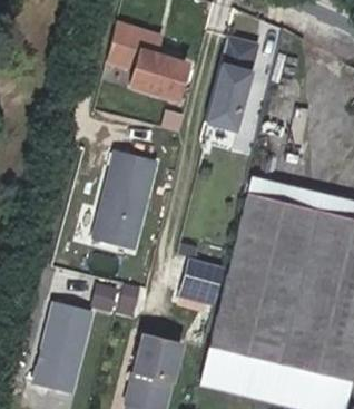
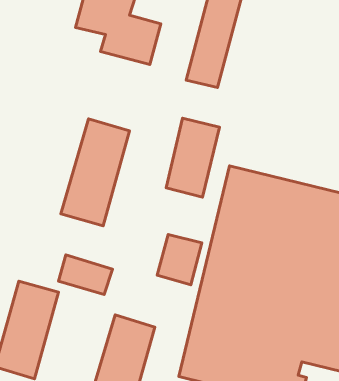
building: none -> [166,118,219,197]

